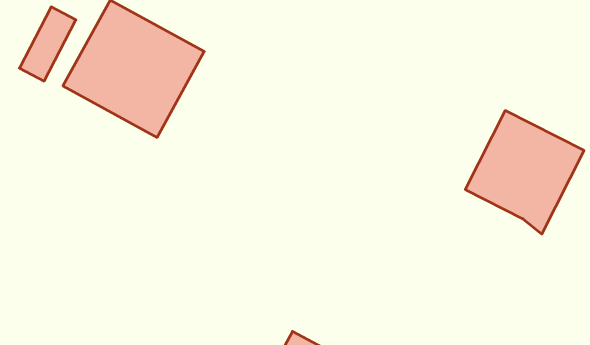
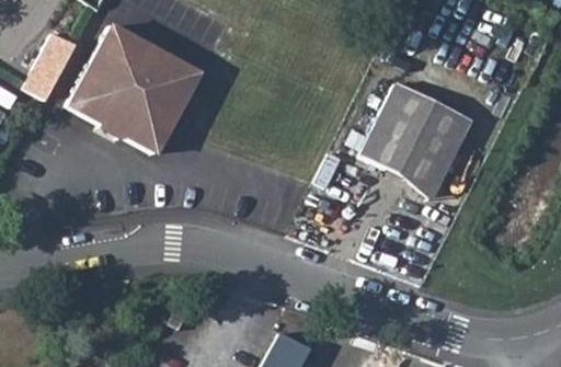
building: [465,111,584,234] -> [362,82,472,197]

